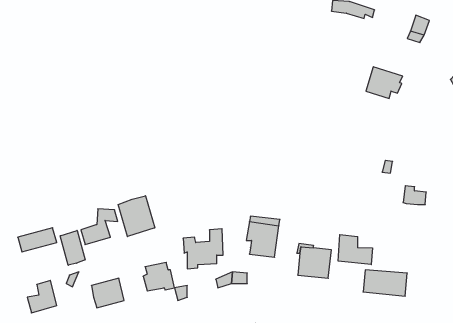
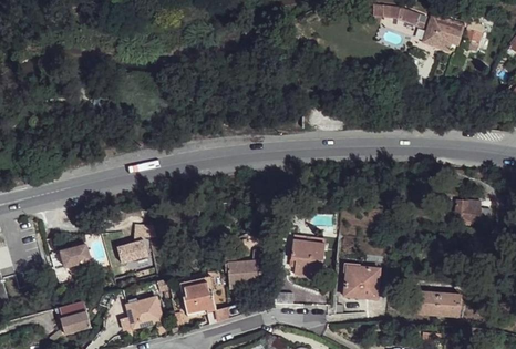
building: [366,67,403,98] -> [424,14,463,48]
building: [118,196,155,237] -> none
building: [60,230,85,265] -> none
building: [338,235,372,265] -> none

